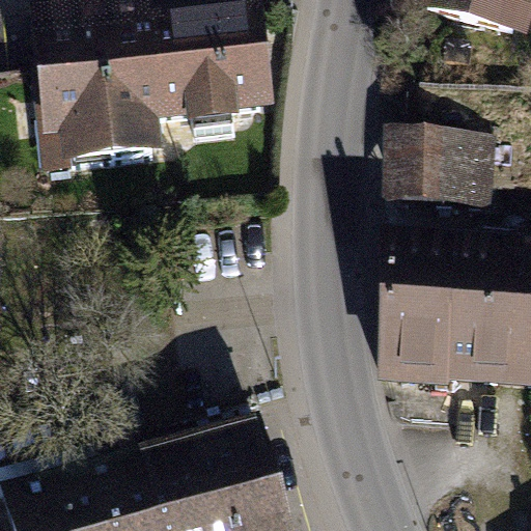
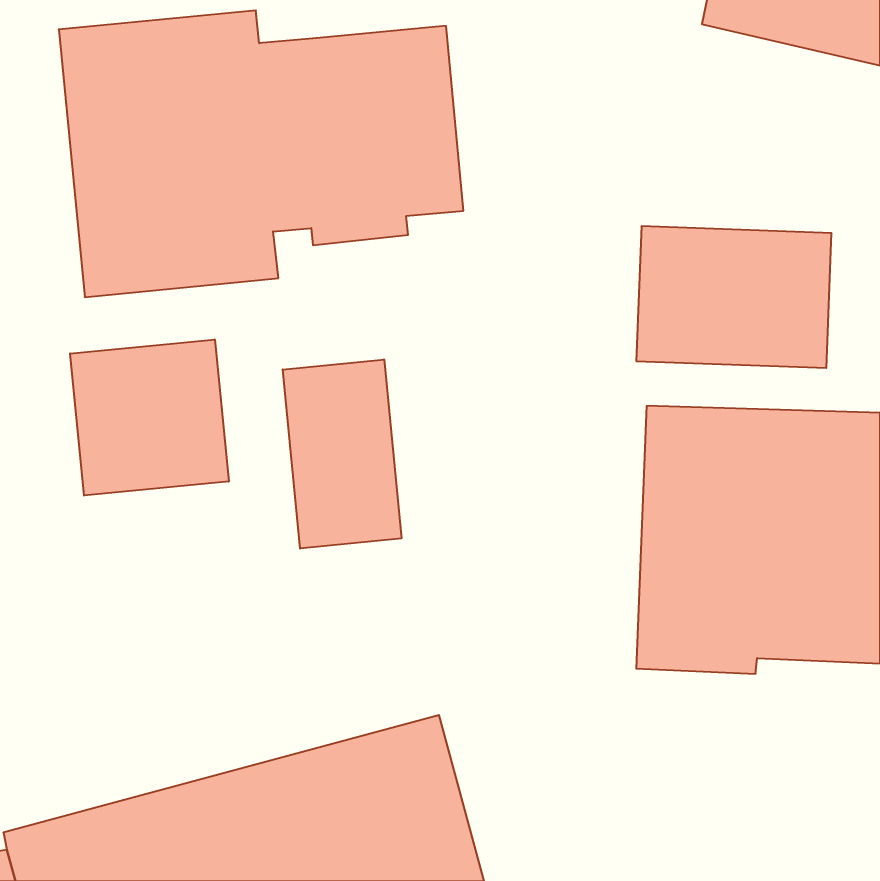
building: none -> [70,339,229,496]
building: none -> [283,359,401,549]

